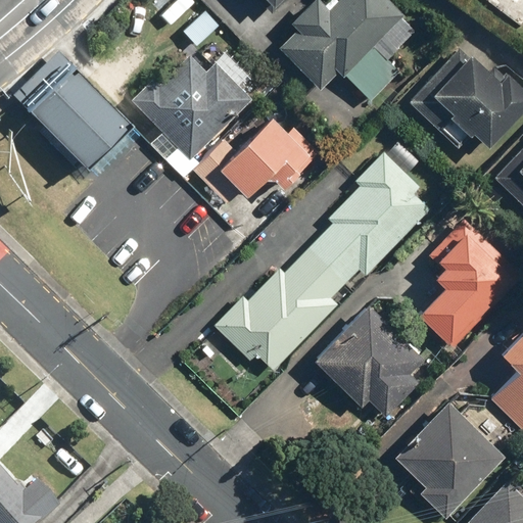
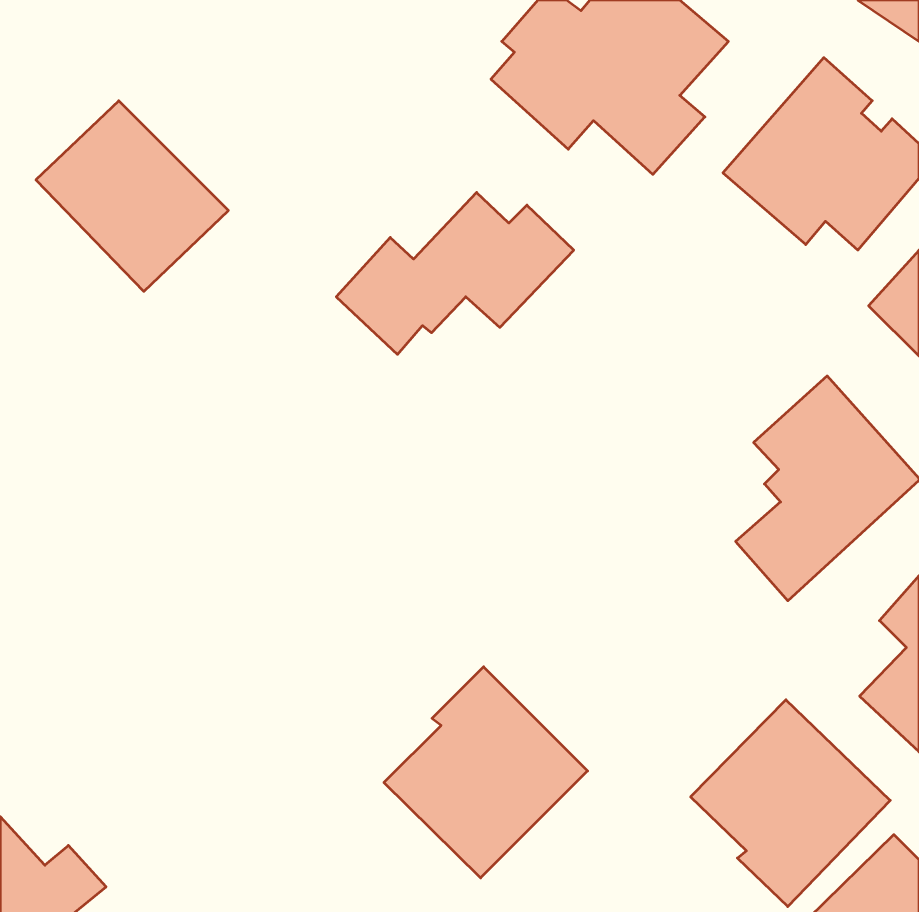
building: [132,50,251,176] -> none
building: [213,143,427,372] -> none
building: [315,304,426,419] -> none
building: none -> [384,667,588,878]

